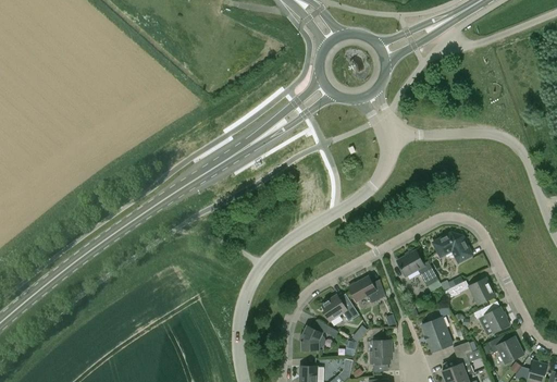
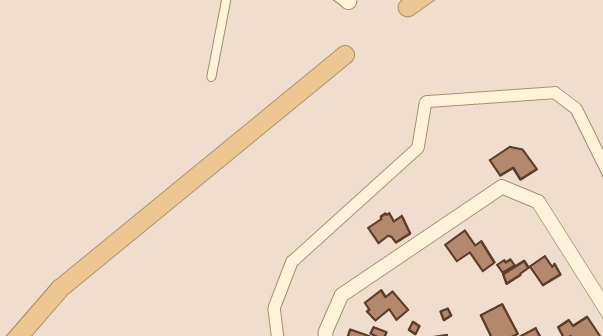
building: [432,233,472,262] -> [490,147,537,180]
building: [348,276,384,303] -> [368,213,410,243]
building: [473,307,508,334] -> none

